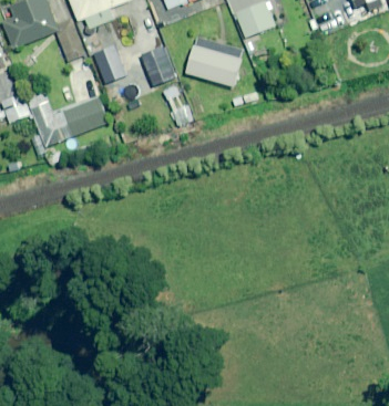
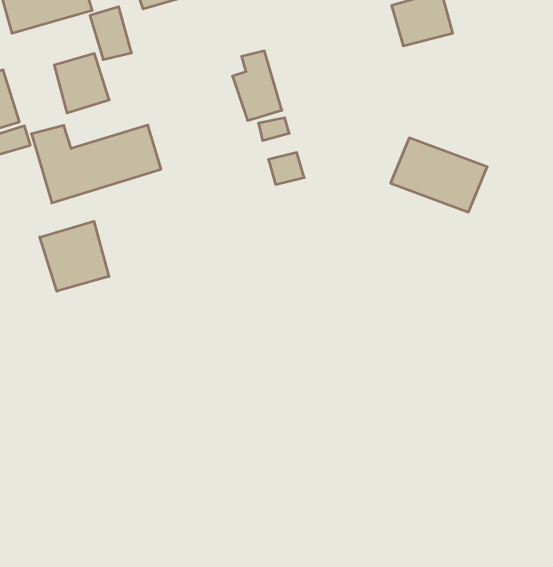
building: [91,43,125,80] -> [54,54,109,113]
building: [185,45,242,86] -> [391,138,487,212]
building: none -> [40,221,109,291]

